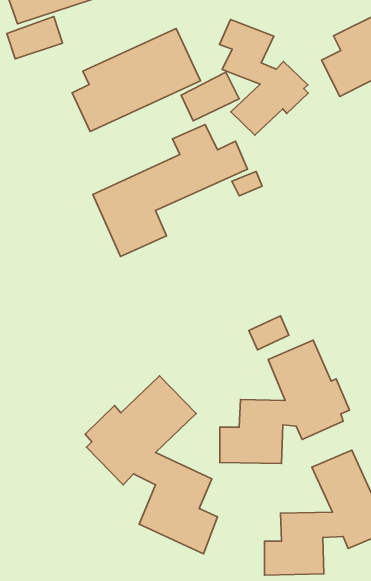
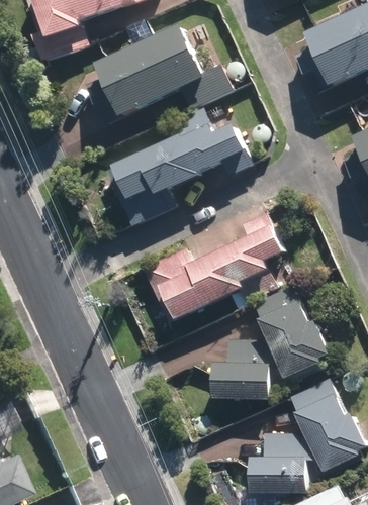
building: [220,19,308,135] -> none
building: none -> [149,217,282,318]
building: [85,376,218,554] -> none

